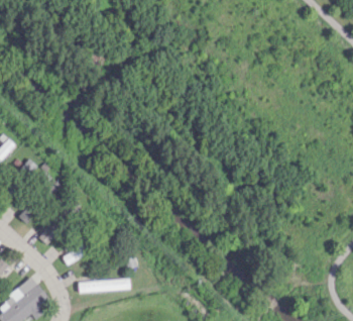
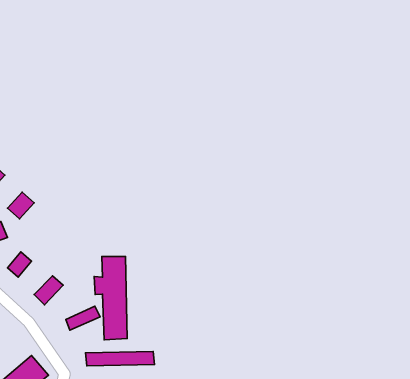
building: none -> [94,257,127,340]

